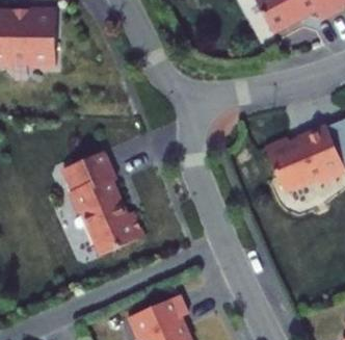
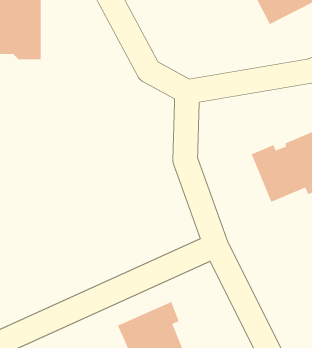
building: [64,150,145,255] -> none

